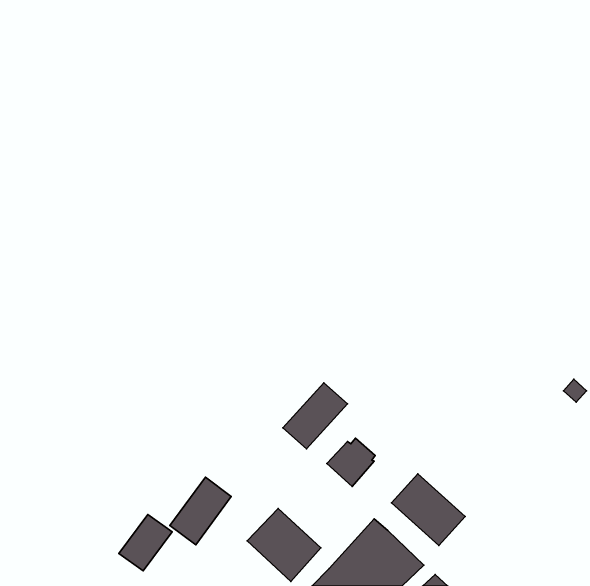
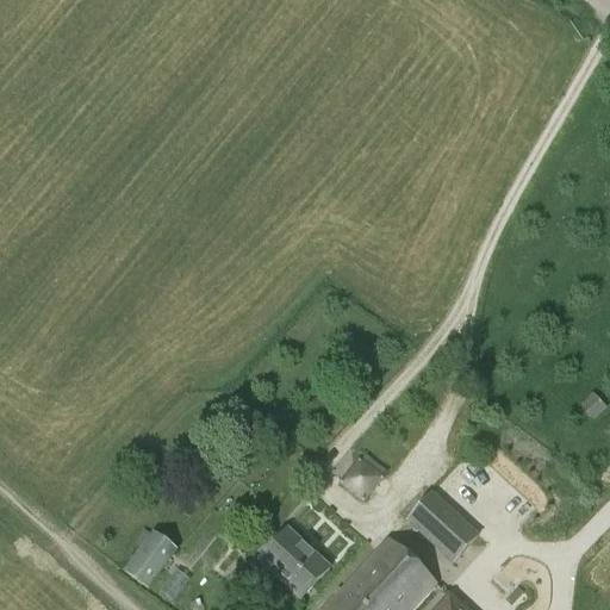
building: [283,383,348,449] -> none
building: [170,477,231,545] -> none

